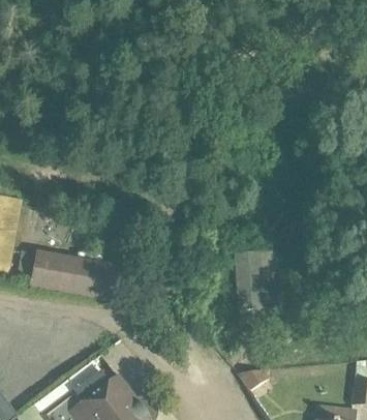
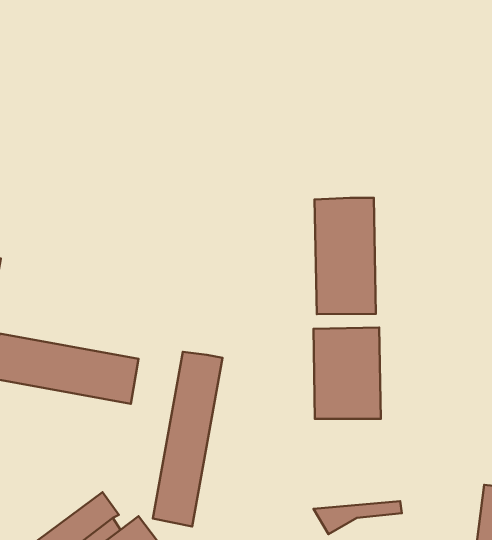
building: none -> [314,198,376,314]
building: none -> [153,352,223,526]

